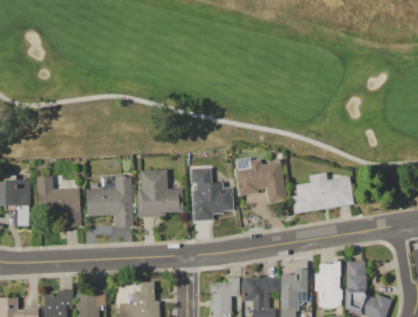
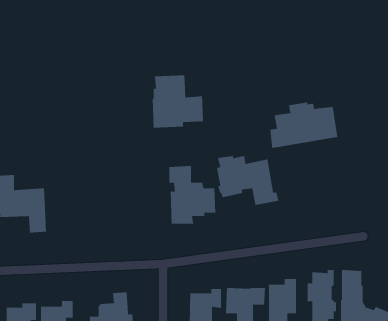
building: [137,169,184,217] -> [152,75,204,128]
building: [292,172,354,214] -> [269,102,338,148]
building: [86,176,134,225] -> none

